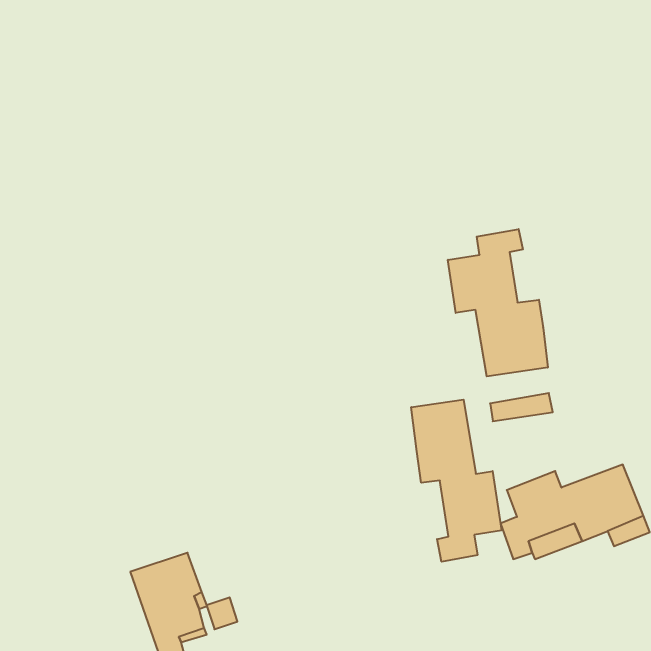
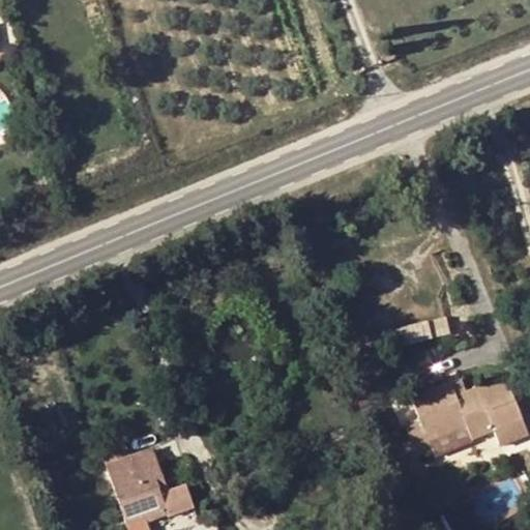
building: [448,229,548,376] -> none
building: [411,400,501,562] -> none

